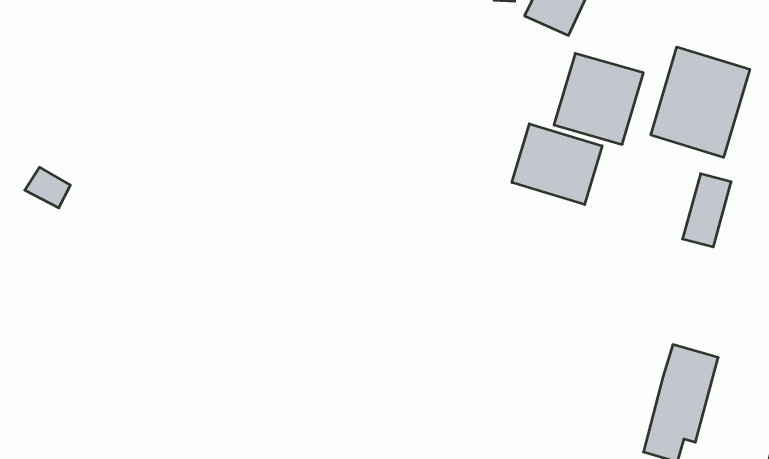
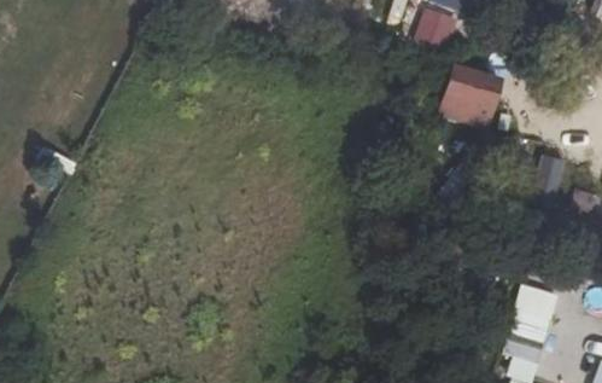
building: [651,47,750,157] -> none
building: [512,124,602,205] -> none

